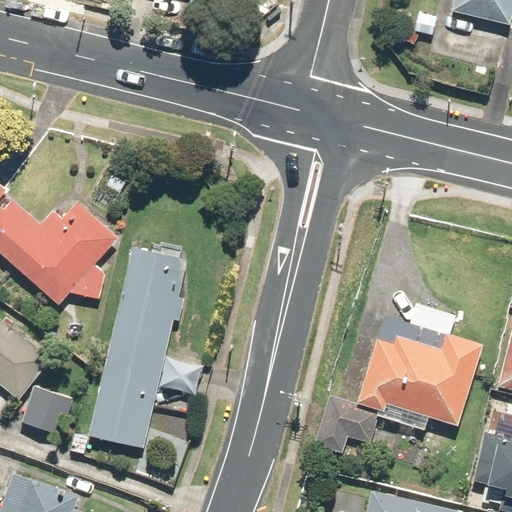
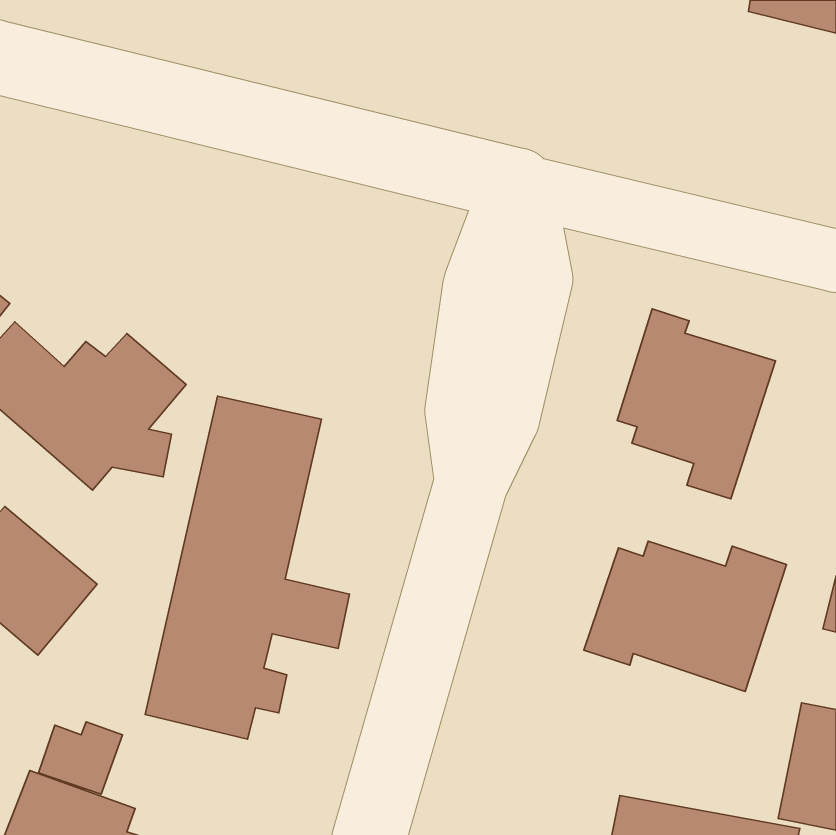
building: none -> [617,309,776,499]
building: [22,391,73,435] -> [38,722,122,794]
building: [314,396,379,455] -> none

